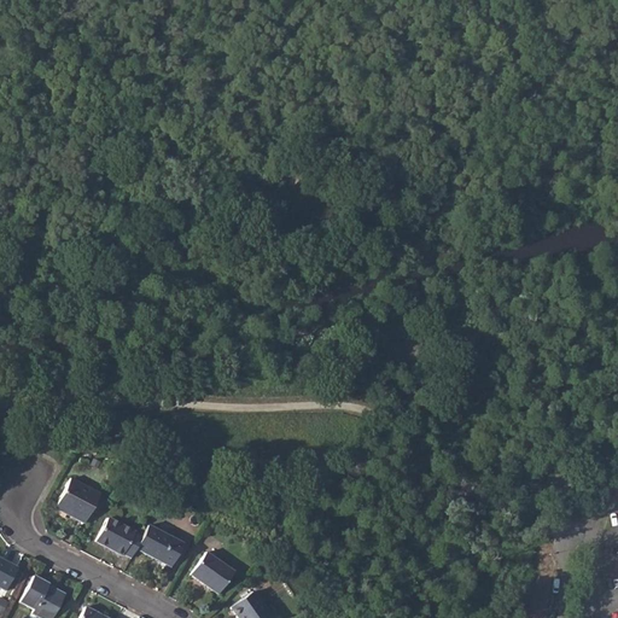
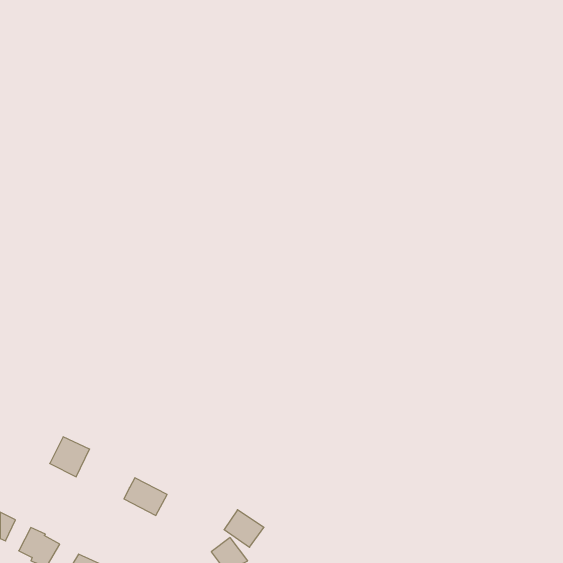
building: [98,518,144,556] -> none
building: [193,552,237,593] -> [224,510,264,547]

